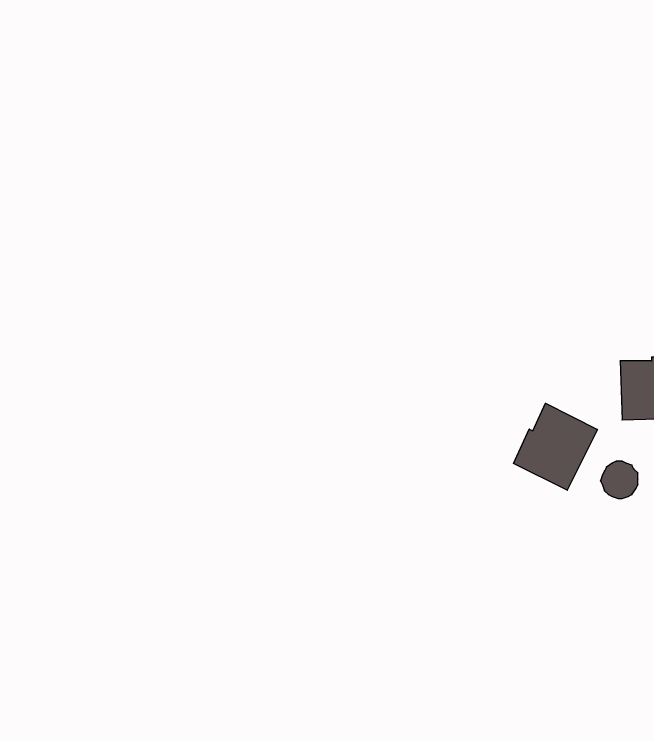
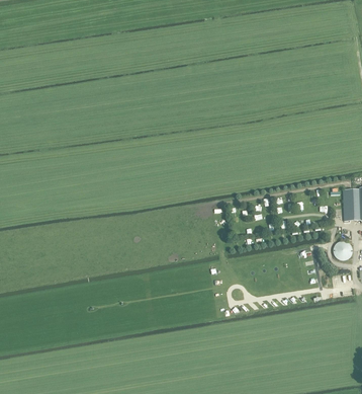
building: [513,403,597,490] -> none

